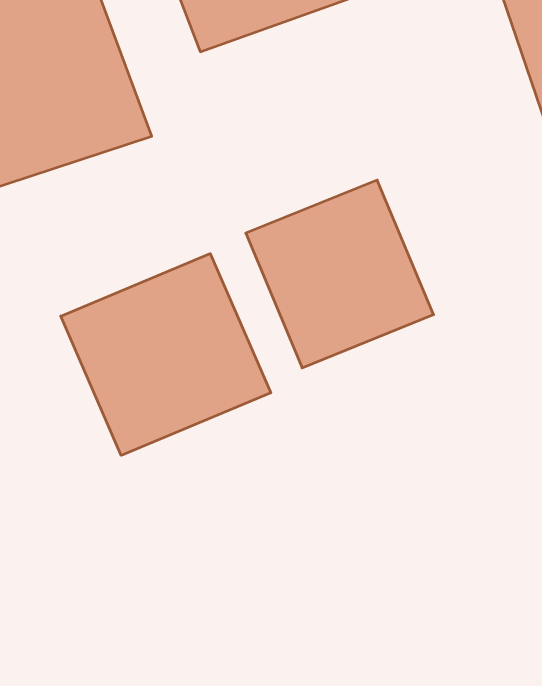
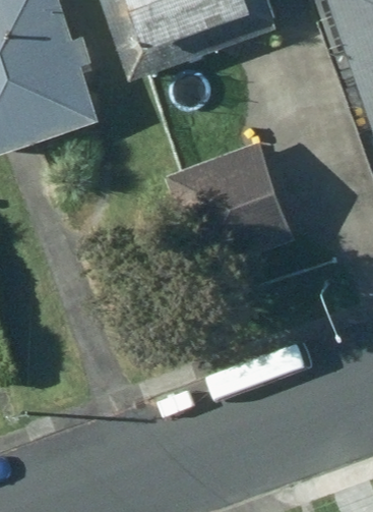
building: [61,254,271,455] -> none

